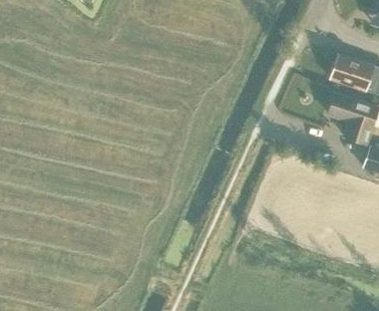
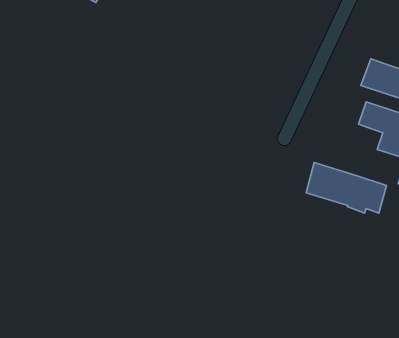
building: none -> [306,163,387,213]

